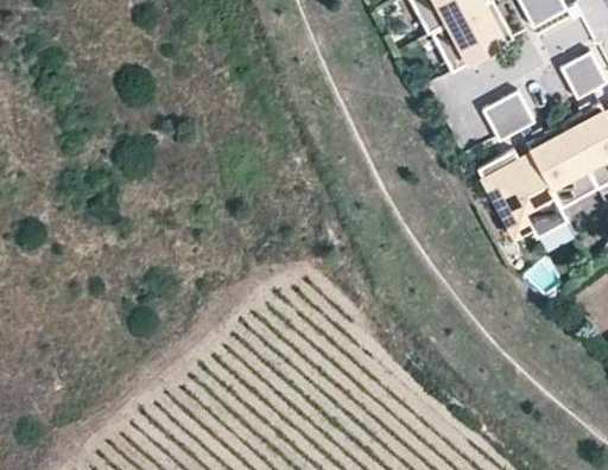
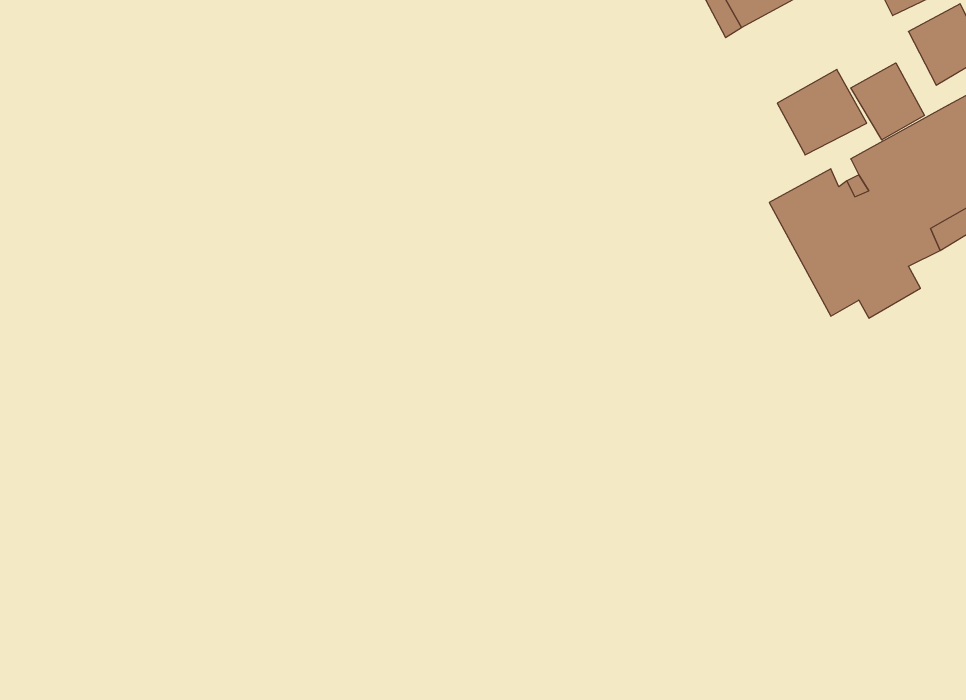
building: none -> [851,63,924,140]

